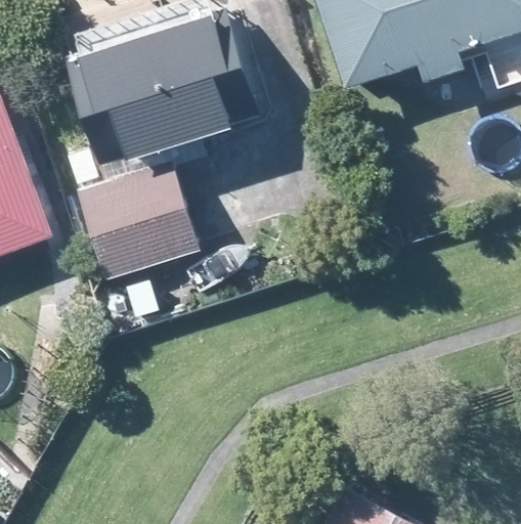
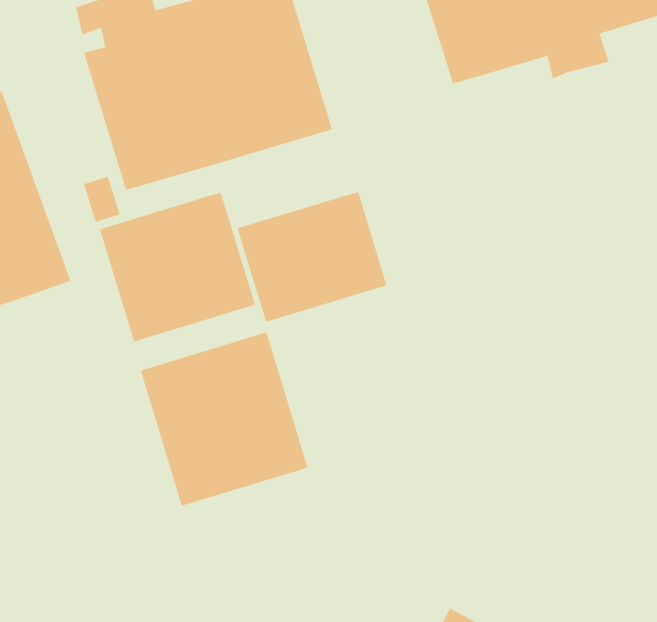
building: none -> [237,191,387,323]
building: none -> [140,331,308,507]

